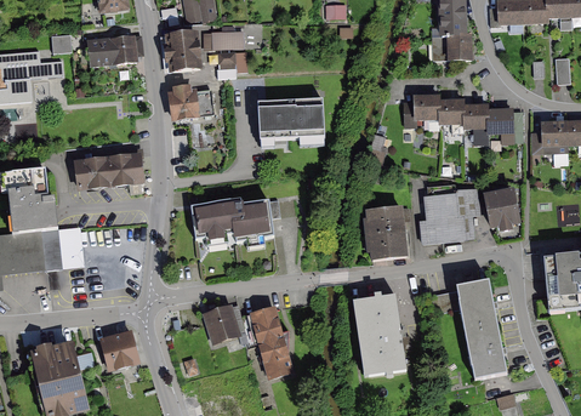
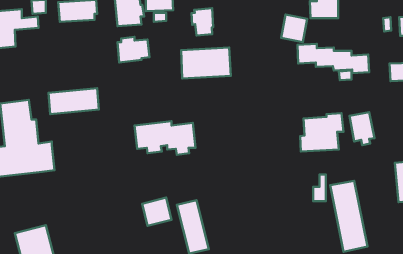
building: none -> [192,8,213,35]
building: none -> [281,14,307,42]
building: [365,206,409,260] -> none
building: [355,295,406,375] -> none
building: [99,331,138,371] -> none

